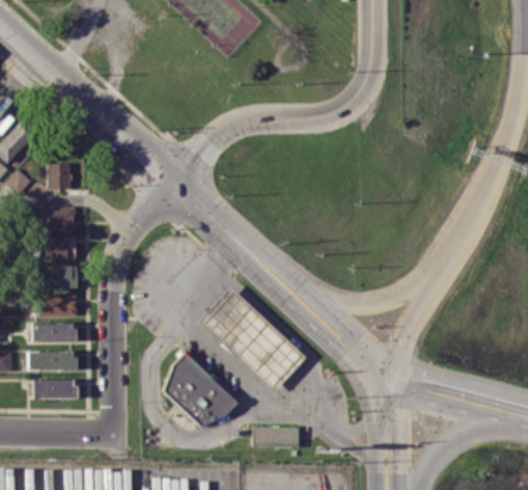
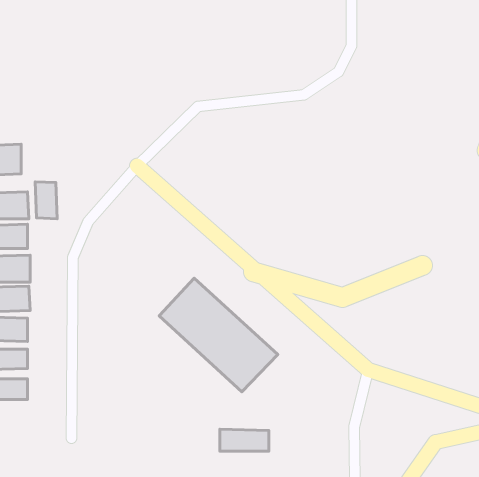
building: none -> [35,182,57,219]
building: [164,349,240,426] -> none

